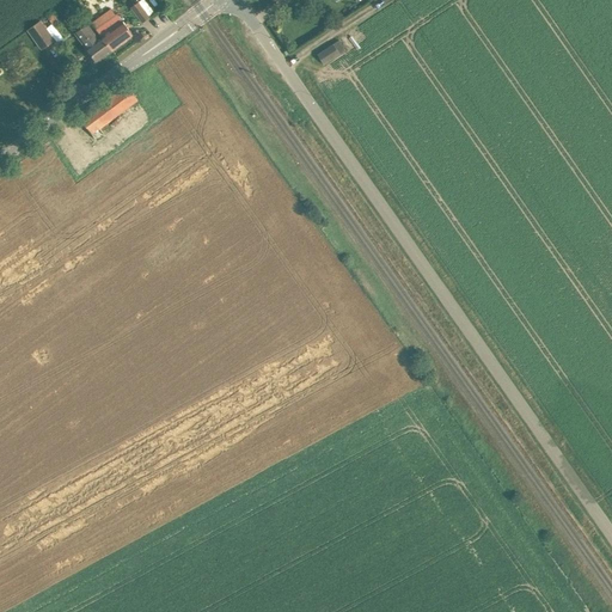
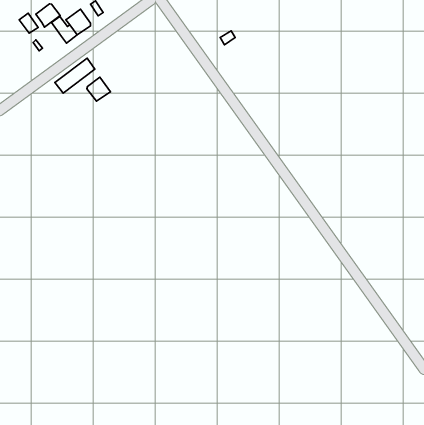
building: none -> [36,4,60,27]
building: none -> [87,77,111,101]

